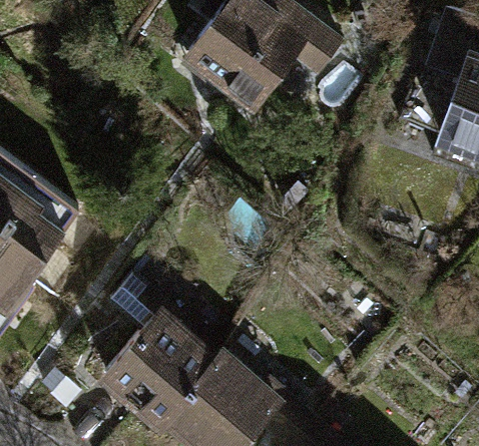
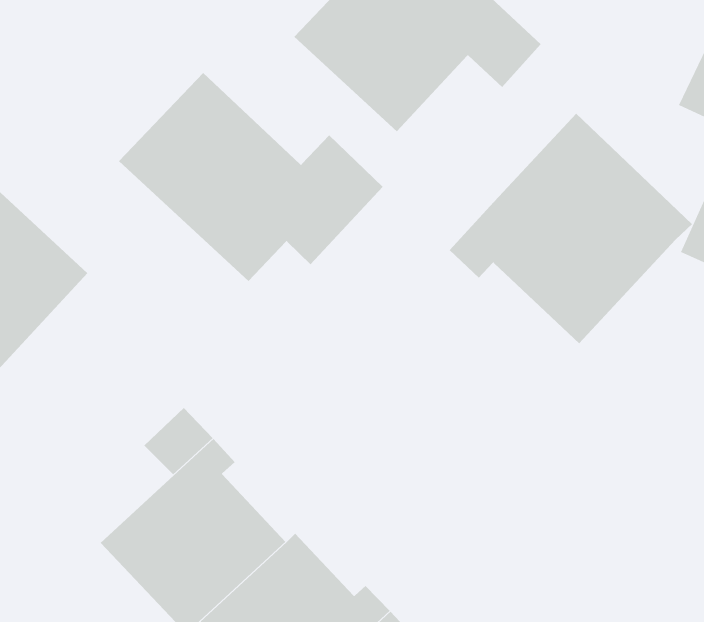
building: none -> [449,113,693,344]
building: none -> [118,72,384,282]

